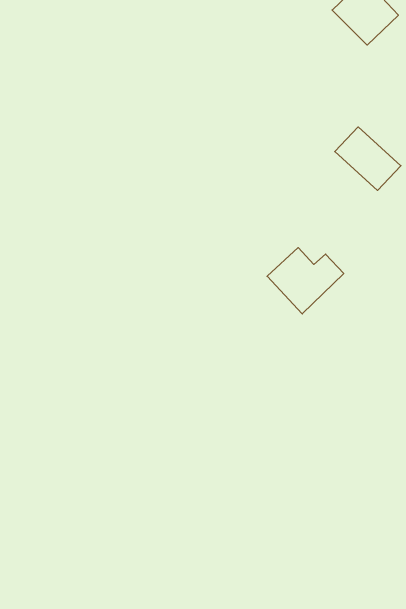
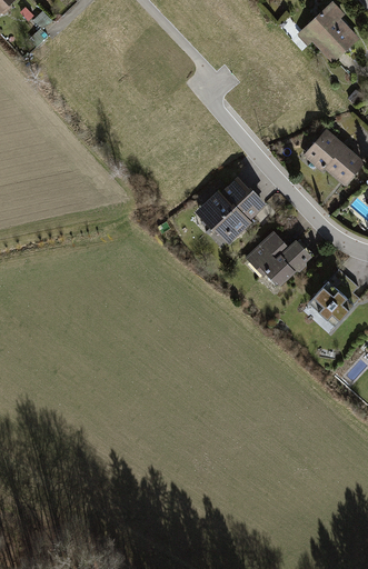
building: none -> [198,176,263,240]
building: none -> [311,283,352,323]

